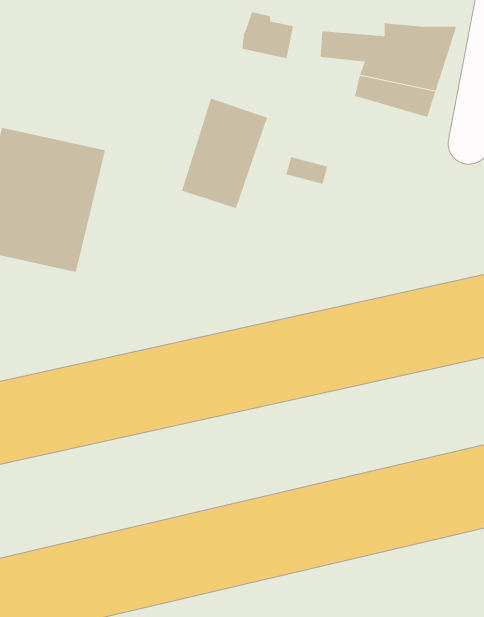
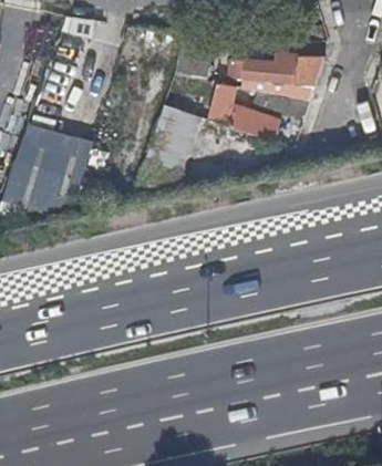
building: none -> [208,79,281,136]

